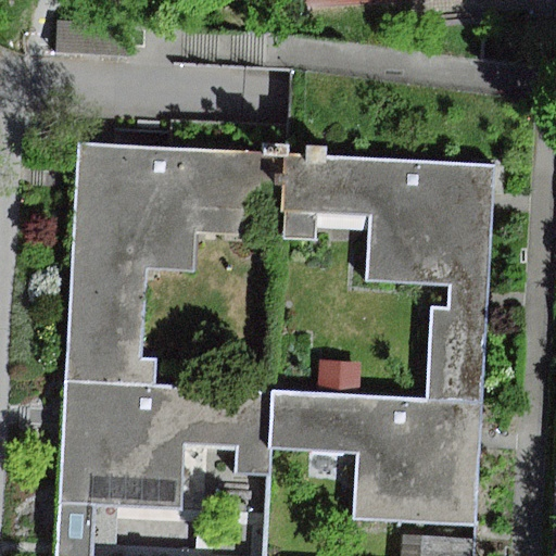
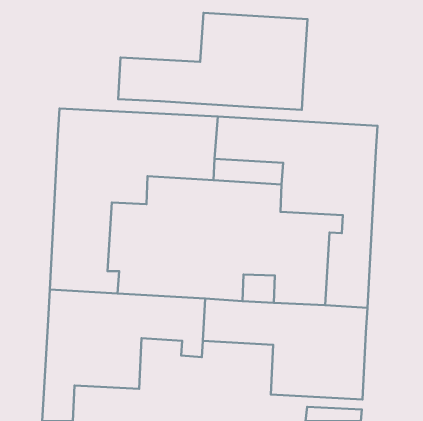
building: none -> [118,13,308,110]

